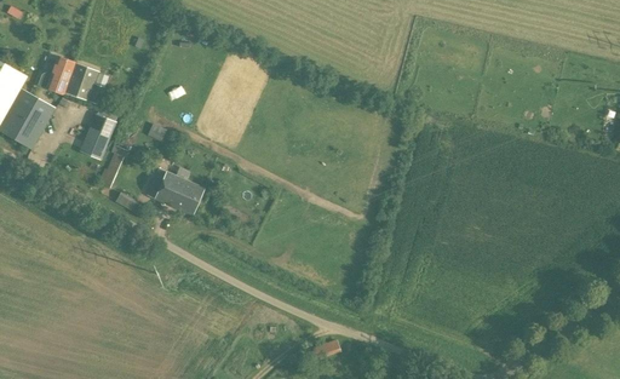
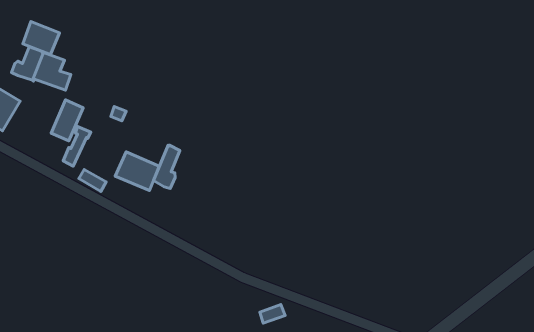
building: none -> [23,21,59,55]
building: none -> [153,145,180,189]

